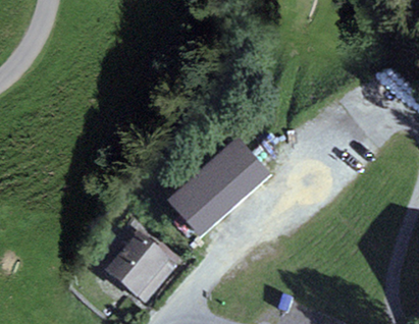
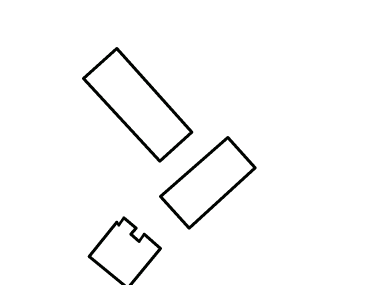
building: none -> [84,49,192,161]

